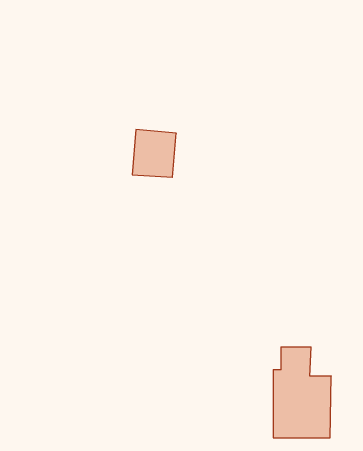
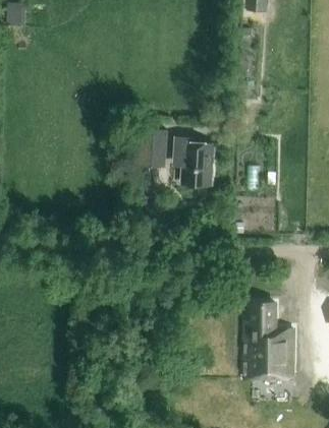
building: none -> [176,137,214,185]

